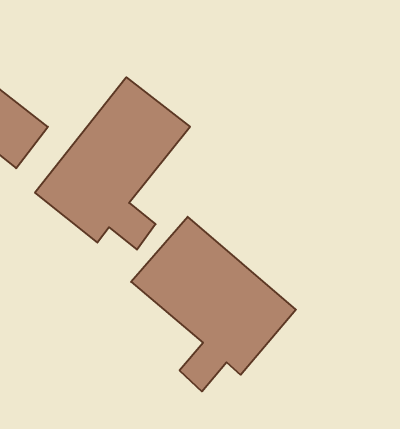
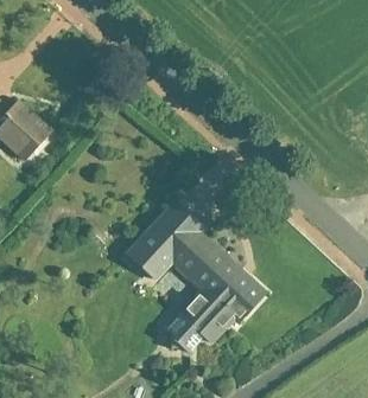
building: [35,77,190,250] -> none

